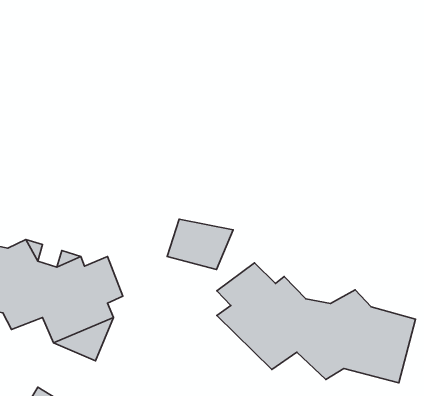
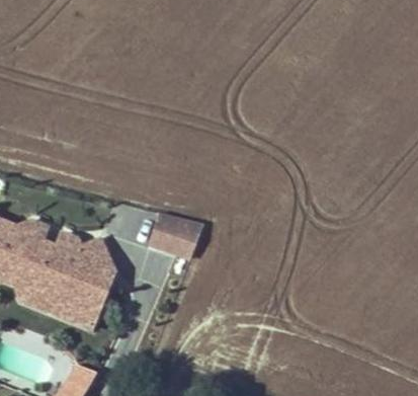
building: [217,263,415,383] -> none

